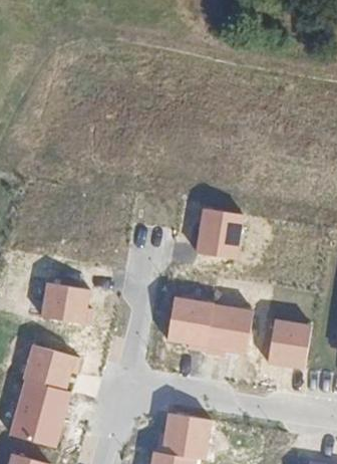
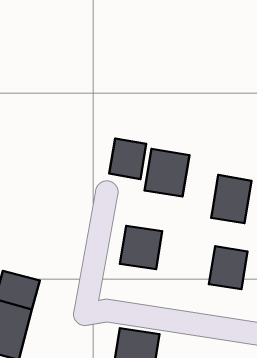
building: none -> [109,138,146,179]
building: [41,283,91,327] -> none
building: [208,301,254,357] -> [211,175,252,223]

